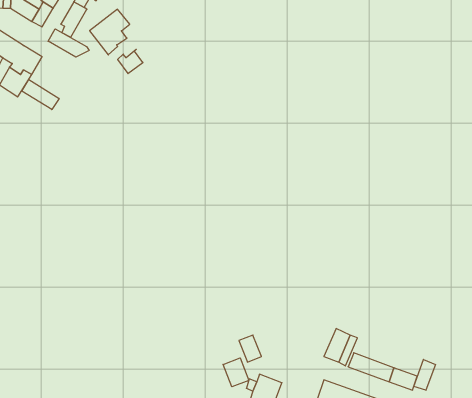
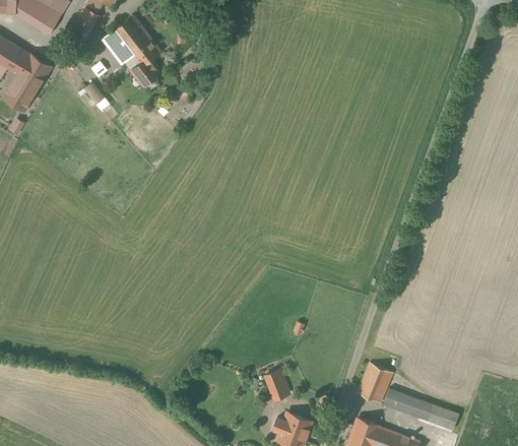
building: none -> [131,31,161,68]
building: [48,29,89,57] -> none
building: [22,80,59,110] -> none
building: [223,358,249,387] -> none
building: [414,359,436,390] -> none

